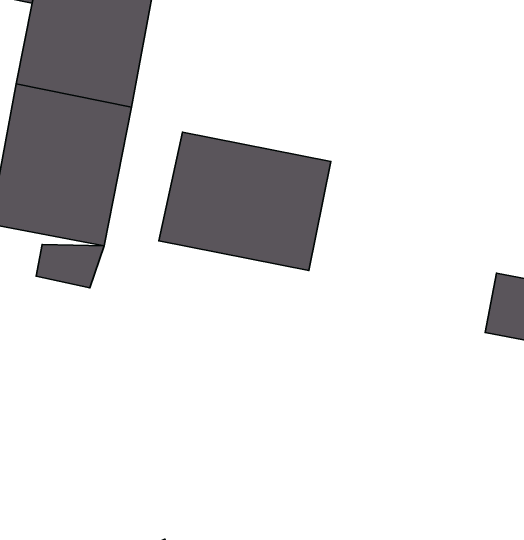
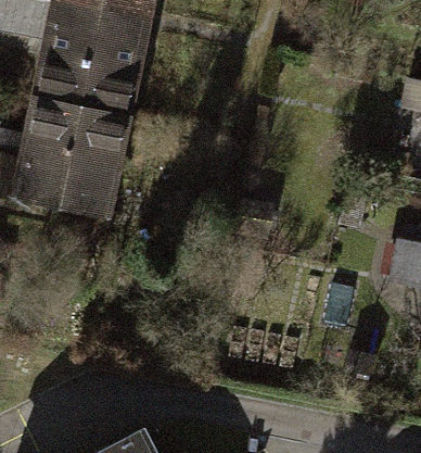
building: [159,132,331,271] -> none

